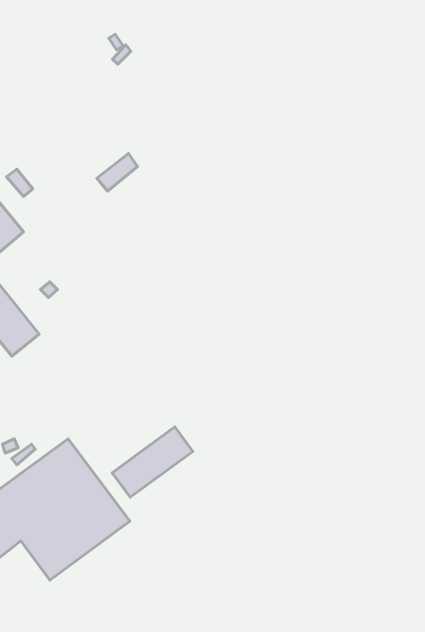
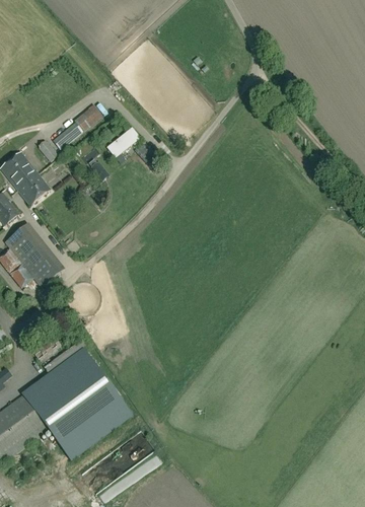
building: none -> [53,103,103,150]
building: [112,427,193,497] -> none

